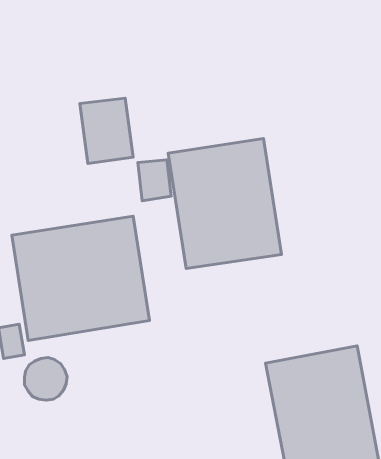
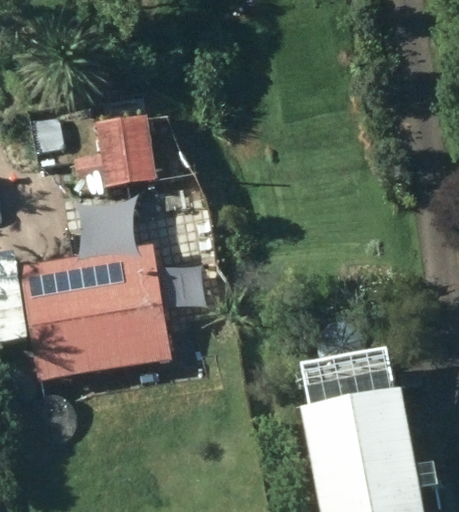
building: [168,138,282,268] -> none

